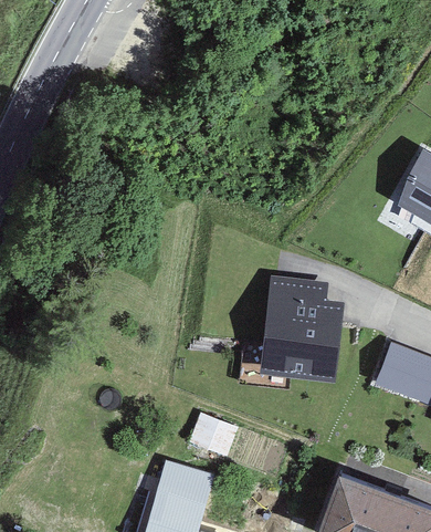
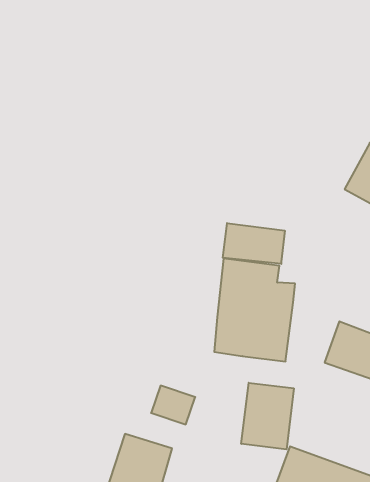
building: none -> [223,223,285,264]
building: none -> [241,383,294,449]

